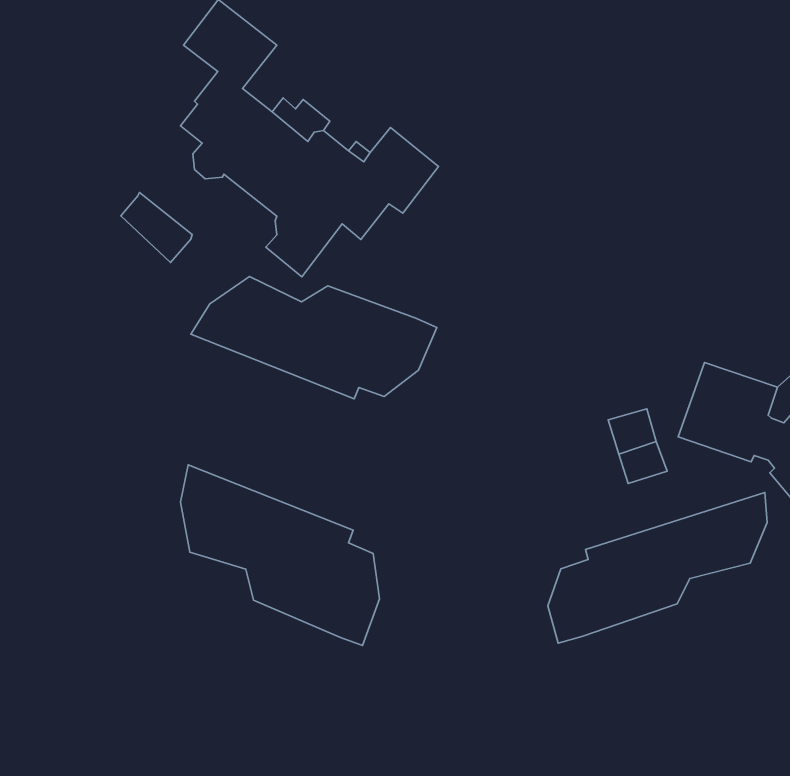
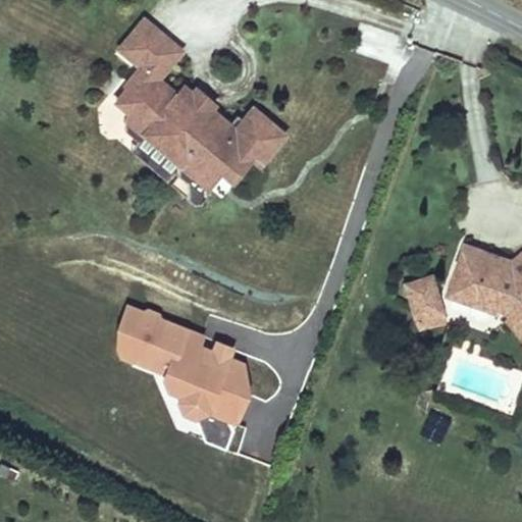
building: [121,193,192,263] -> [138,126,185,172]
building: [191,276,437,399] -> none
building: [548,492,767,643] -> none

